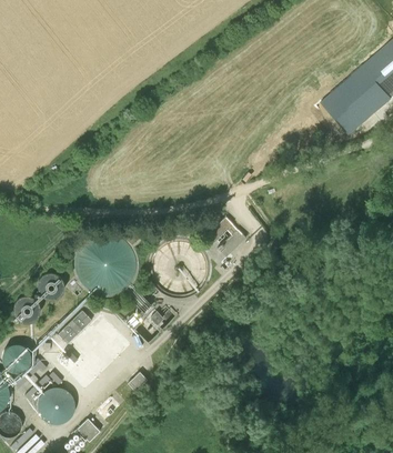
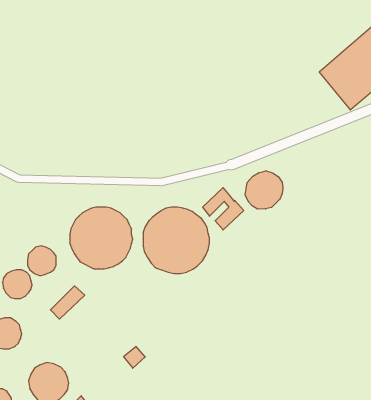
building: none -> [245,171,283,209]

